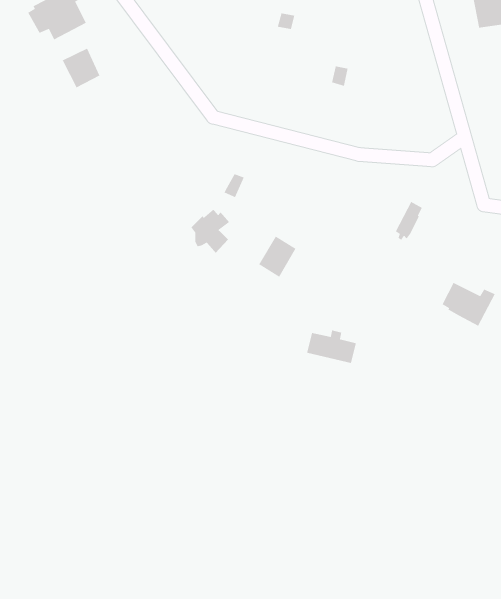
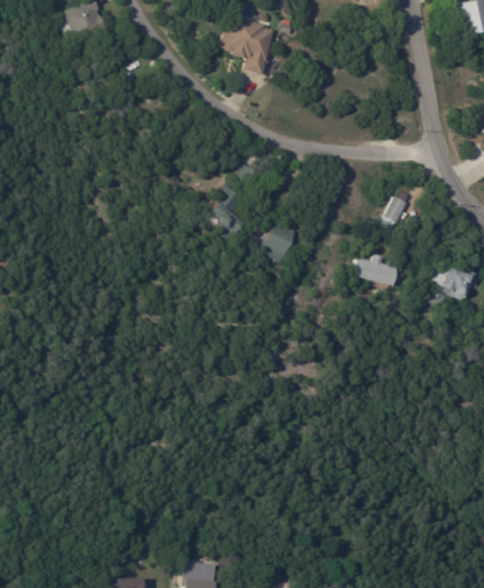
building: none -> [223,16,278,75]
building: [61,47,101,89] -> none
building: [306,329,357,364] -> [350,255,395,286]

